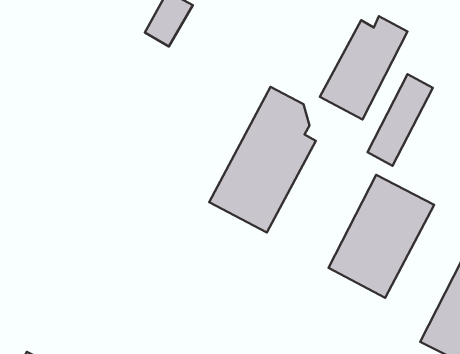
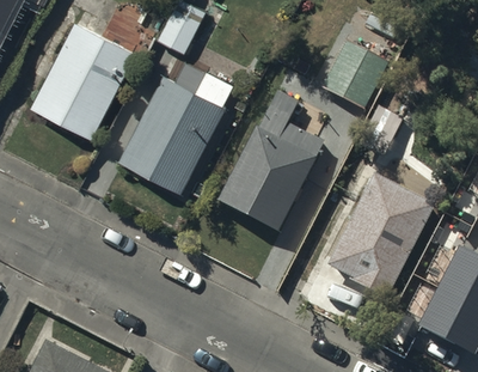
building: none -> [37,33,134,144]
building: none -> [118,55,232,187]

